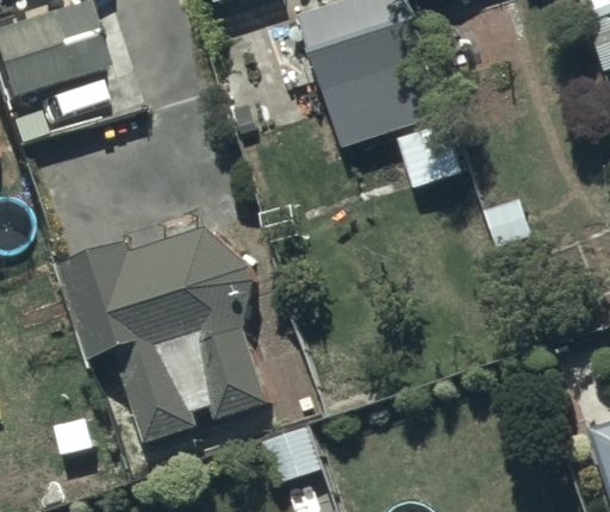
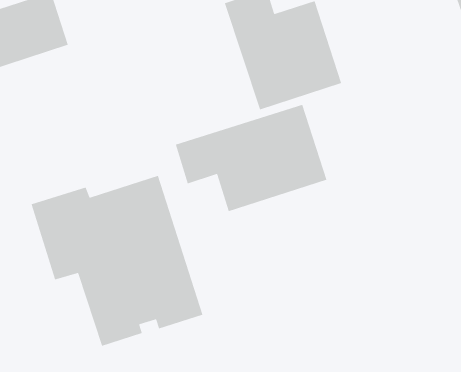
building: none -> [175,104,327,212]

